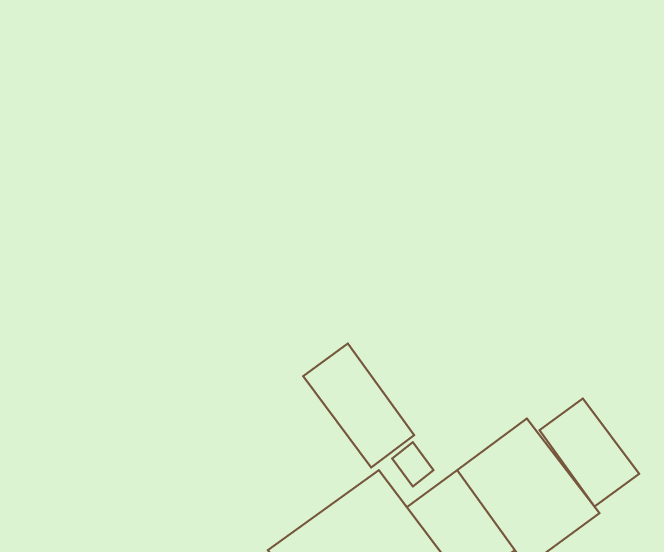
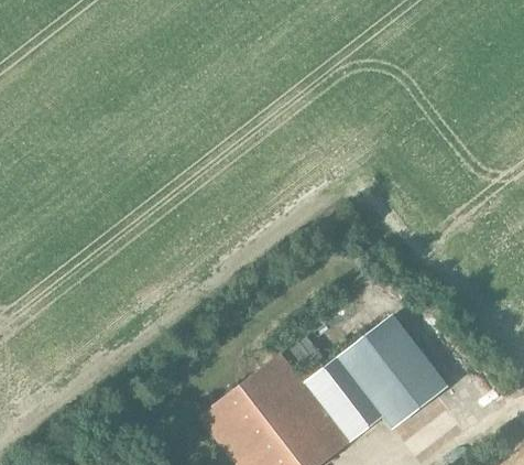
building: [303,343,414,467] -> none
building: [540,398,639,507] -> none

